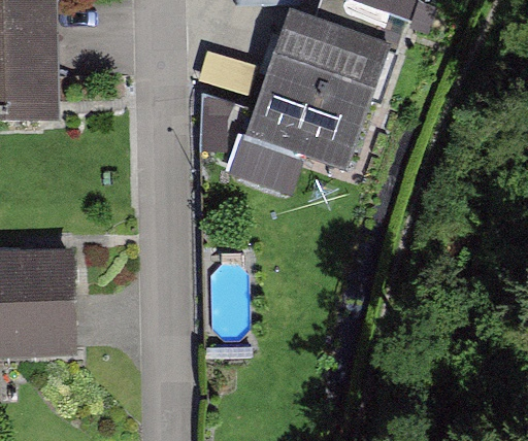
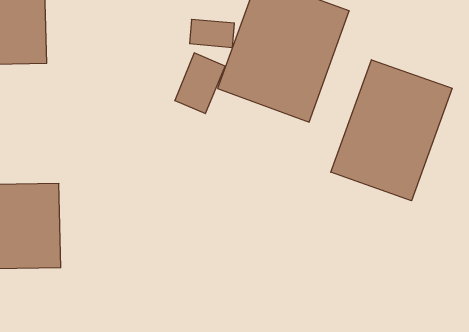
building: none -> [331,60,452,201]

